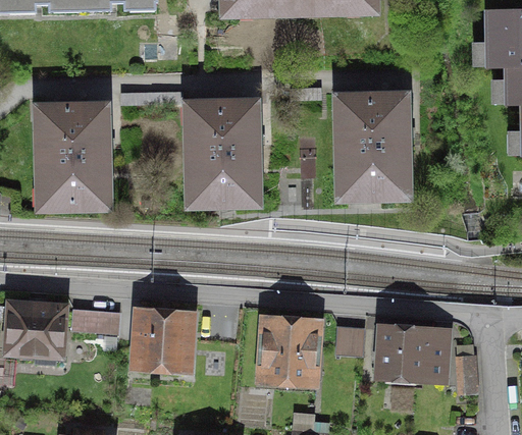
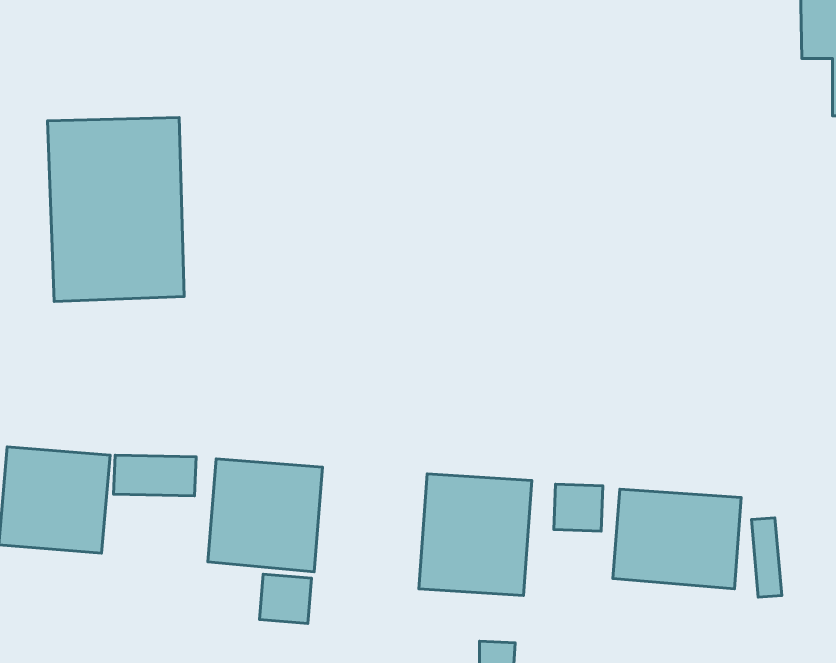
building: [332,90,414,204] -> none
building: [181,99,262,210] -> none
building: none -> [259,574,312,623]

